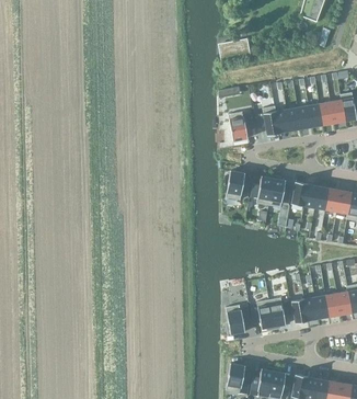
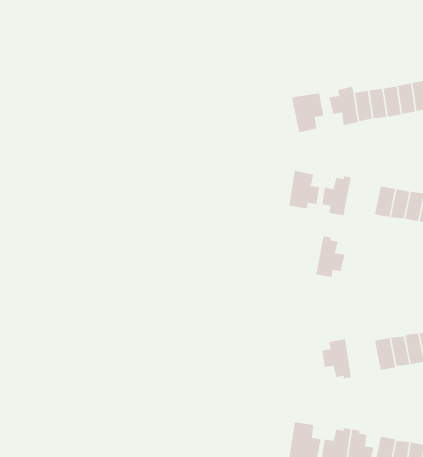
building: [268,175,291,207] -> [316,236,346,277]
building: [269,297,291,329] -> none
building: [226,304,251,334] -> none

